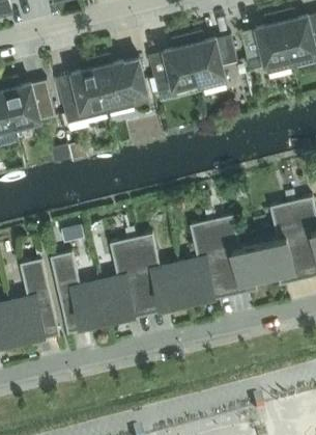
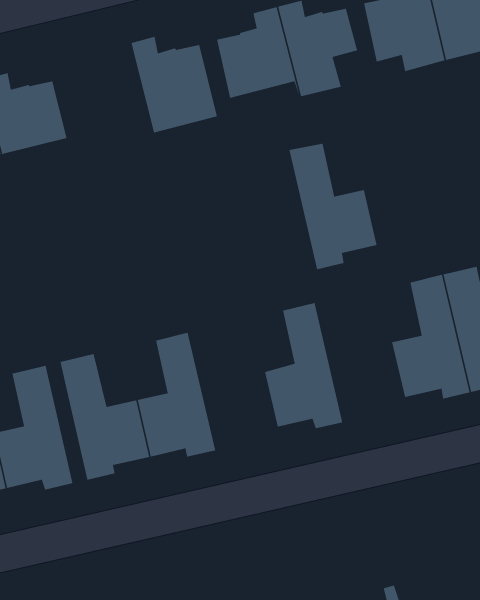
building: [56,56,109,124] -> none
building: [210,215,266,295] -> [288,143,378,270]
building: [131,233,186,312] -> none

